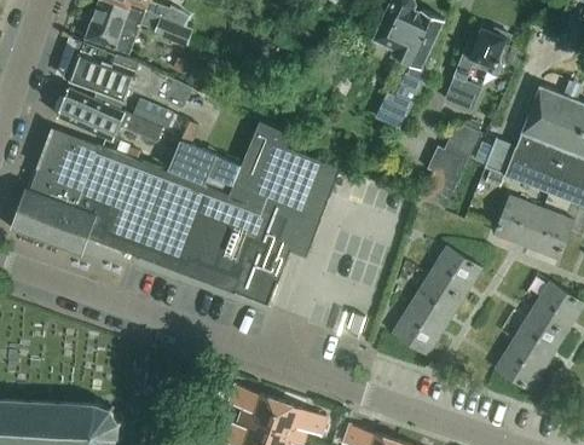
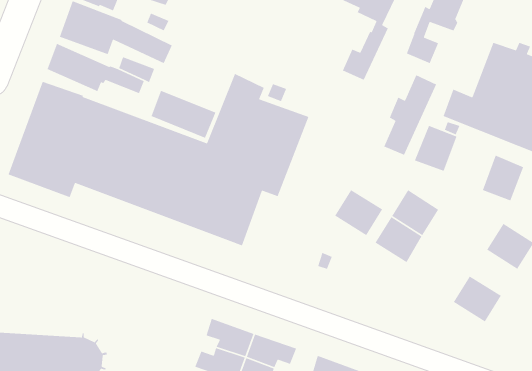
building: [493,196,540,247] -> [414,125,457,172]
building: [392,304,445,354] -> [334,189,383,236]
building: [513,311,565,360] -> none

